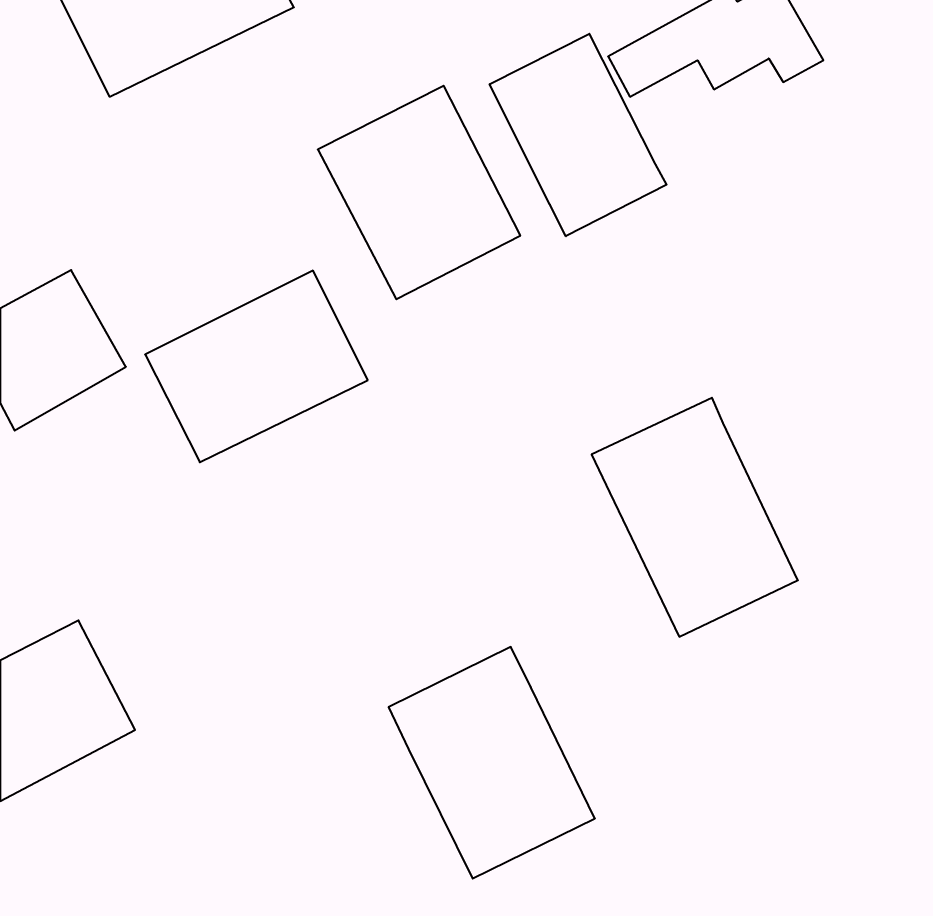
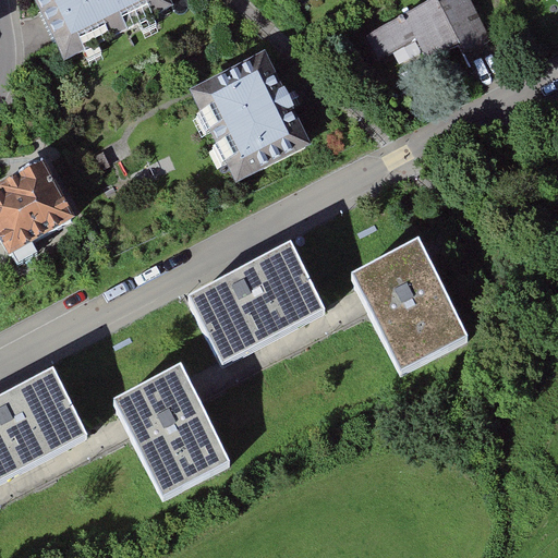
building: [490,34,667,236] -> none
building: [145,271,368,462] -> [187,241,320,355]
building: [389,647,595,879] -> [108,361,231,499]

